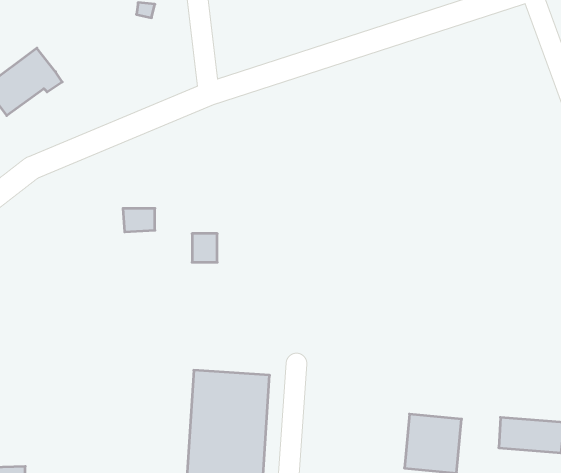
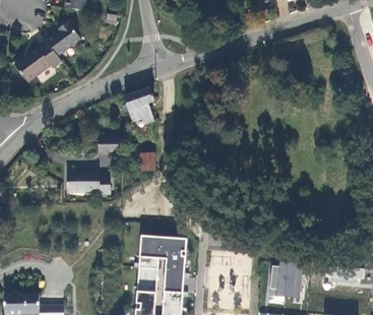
building: none -> [46,21,80,55]
building: none -> [121,87,153,123]
building: none -> [67,171,109,193]

